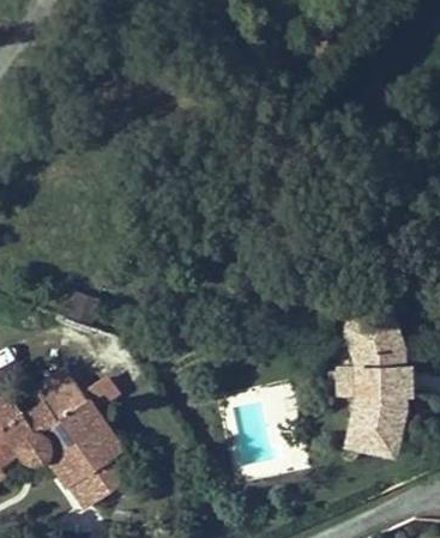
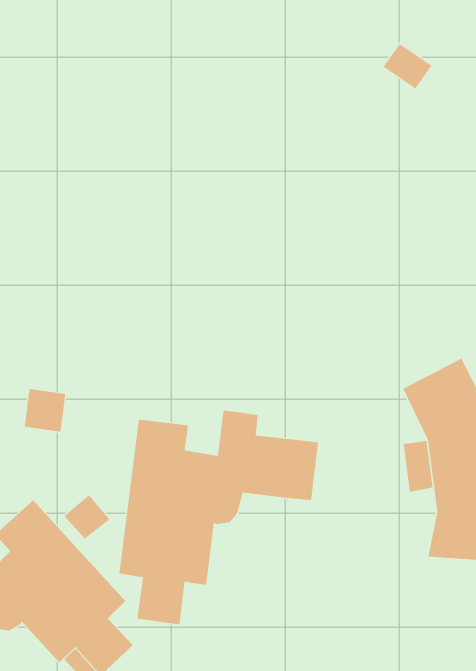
building: none -> [118,410,319,625]

